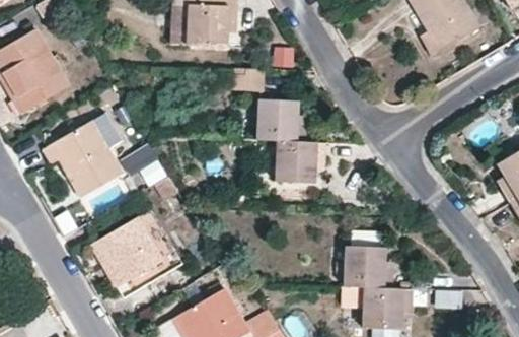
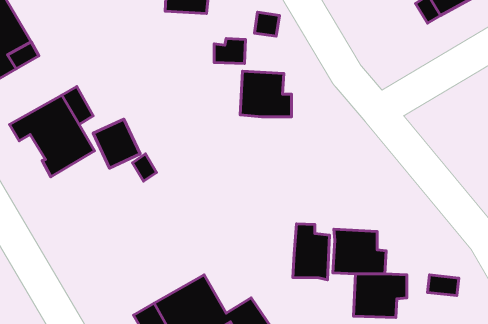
building: [276,142,325,183] -> none
building: [101,210,182,293] -> none
building: none -> [293,224,329,280]

